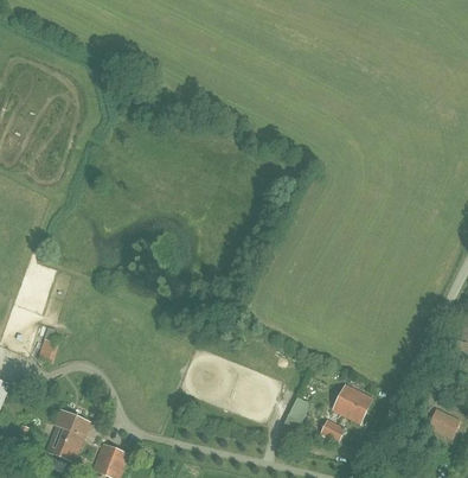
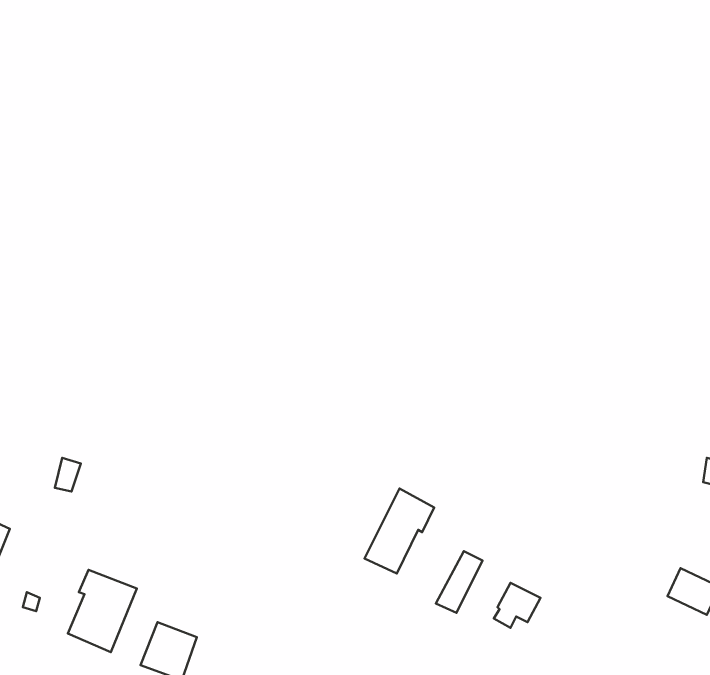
building: none -> [365,489,434,574]
building: [332,384,372,422] -> none

